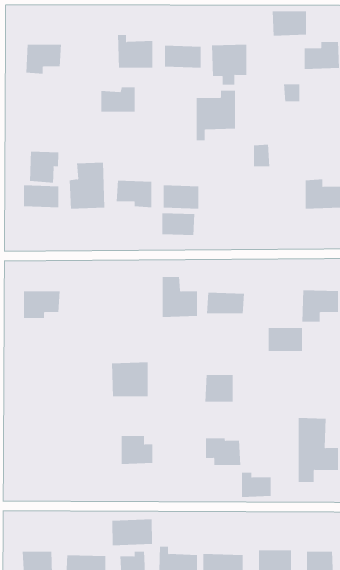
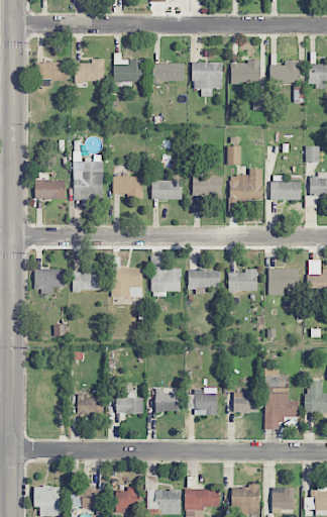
building: [272,11,307,36] -> [230,62,259,83]
building: [101,87,136,112] -> [75,60,104,81]
building: [196,90,236,141] -> [229,169,262,211]
building: [30,151,59,184] -> none
building: [162,213,195,236] -> [193,177,221,196]
building: none -> [72,268,102,291]
building: [268,327,303,352] -> [228,271,257,291]
building: [111,362,148,397] -> [111,268,142,297]
building: [205,374,233,402] -> [154,388,179,411]
building: none -> [77,396,104,415]
building: [241,472,271,497] -> [233,392,258,413]
building: [112,519,152,546] -> none

